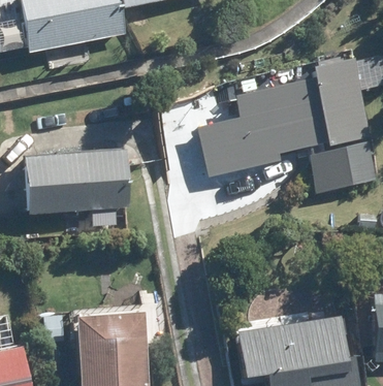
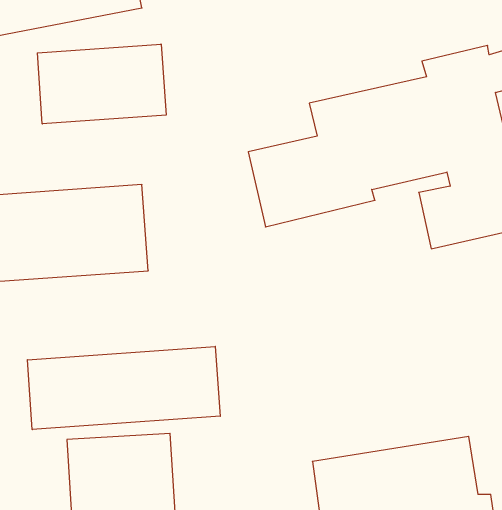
building: none -> [37,44,166,124]
building: none -> [27,346,220,430]

